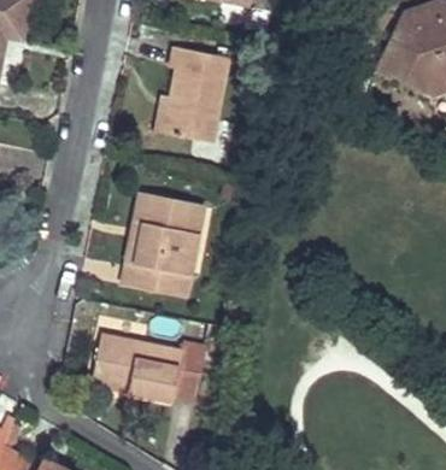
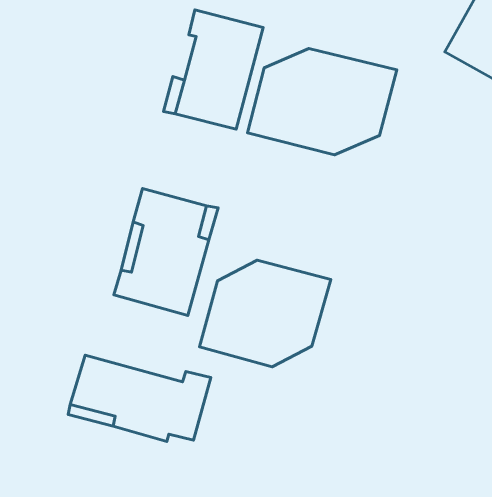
building: none -> [248,49,397,155]
building: none -> [199,260,331,367]

